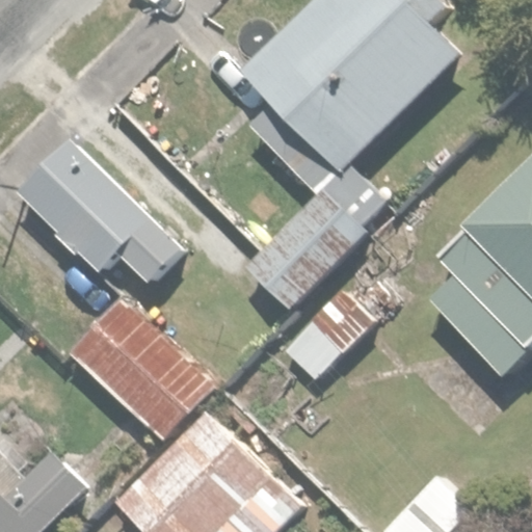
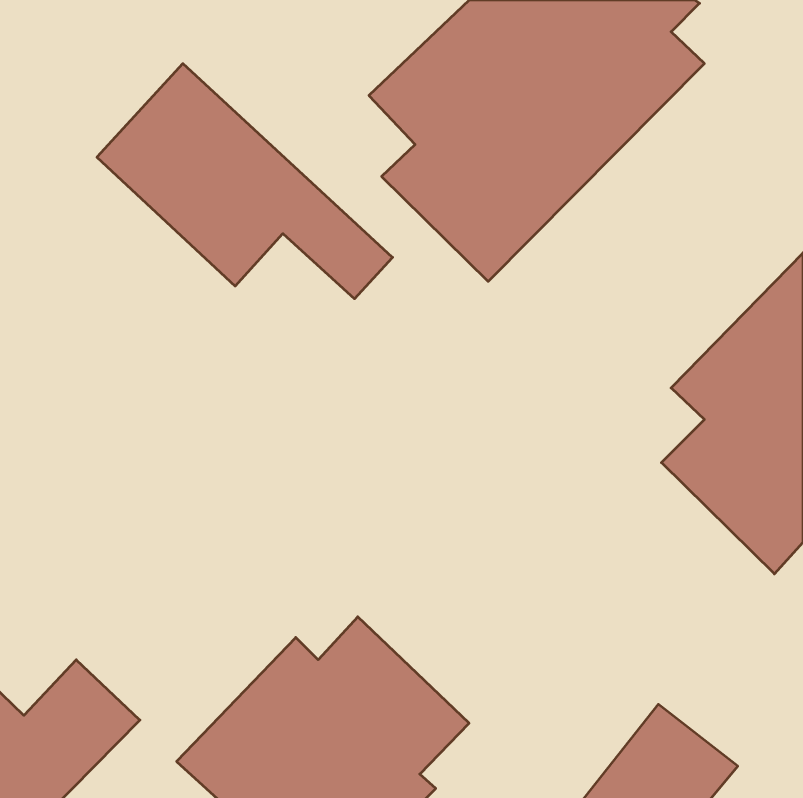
building: [11,129,205,283] -> [97,64,393,299]
building: [247,191,377,321] -> none
building: [68,296,211,437] -> none

